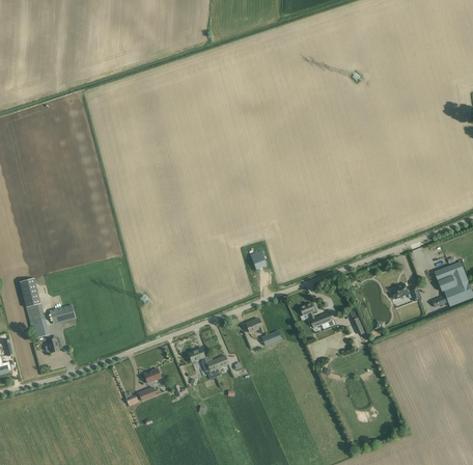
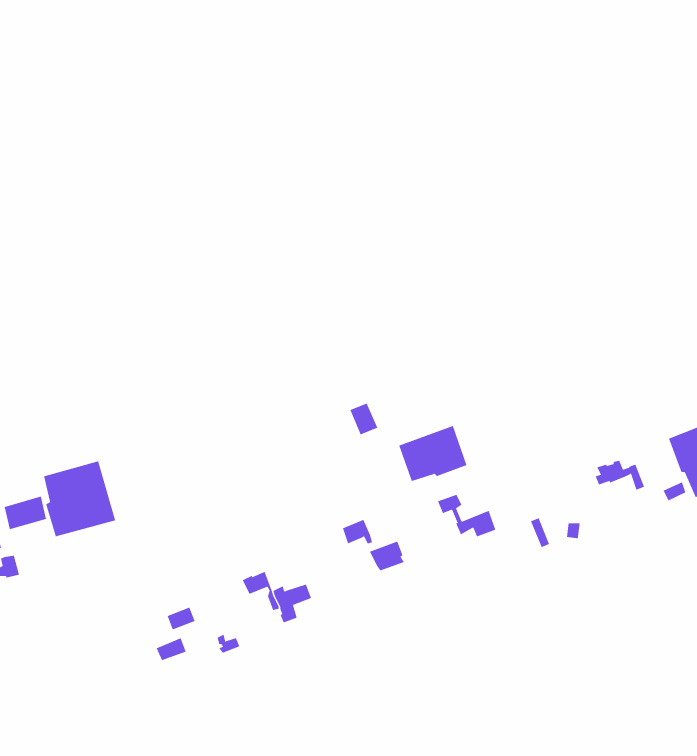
building: none -> [398,425,467,482]
building: none -> [43,460,116,537]

